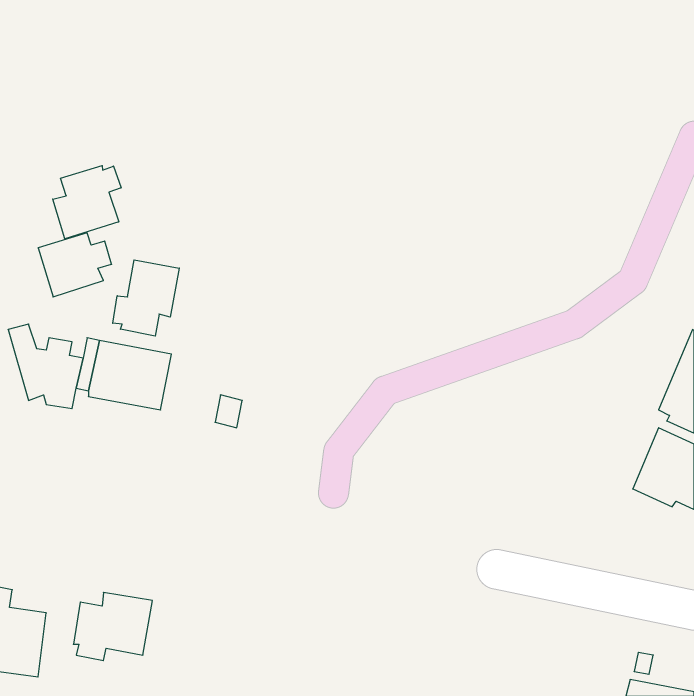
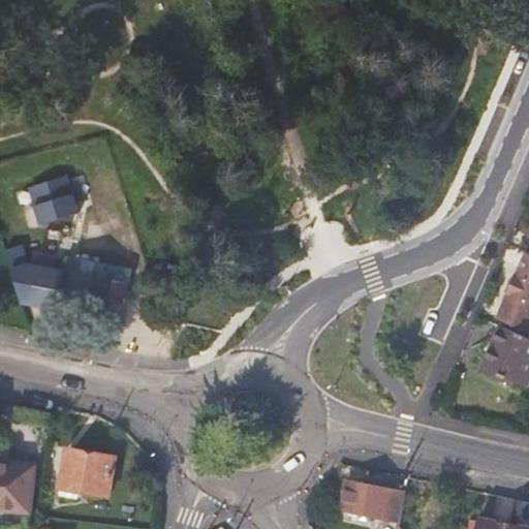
building: [53,166,121,239] -> none
building: [113,260,179,336] -> none
building: none -> [337,479,405,521]

